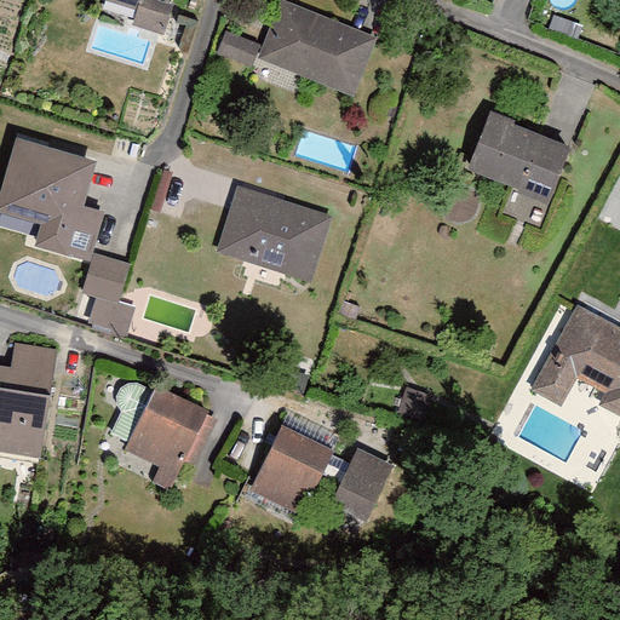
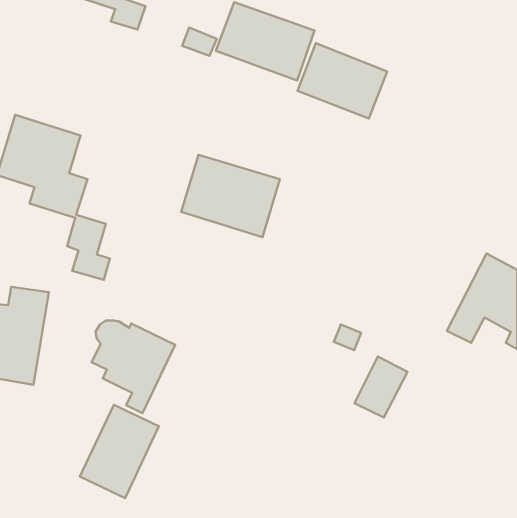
building: [466,111,573,201] -> [298,43,387,118]
building: [251,423,334,516] -> none
building: [332,446,395,518] -> [354,356,407,418]
building: none -> [80,405,159,498]

